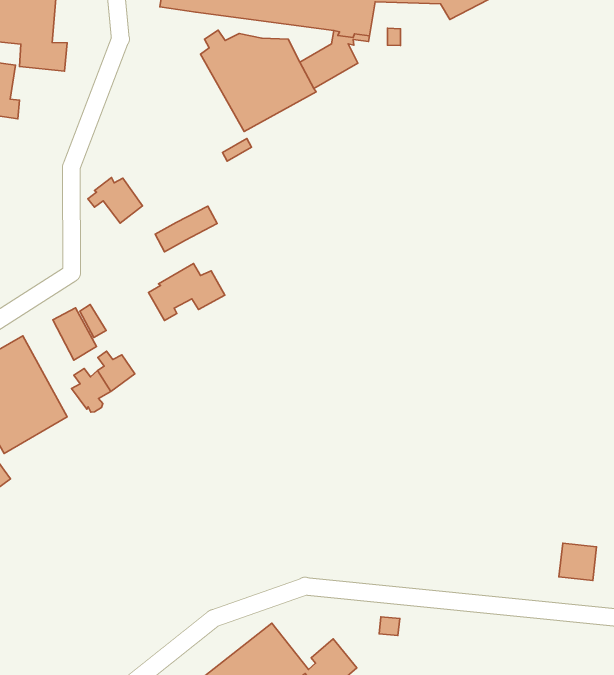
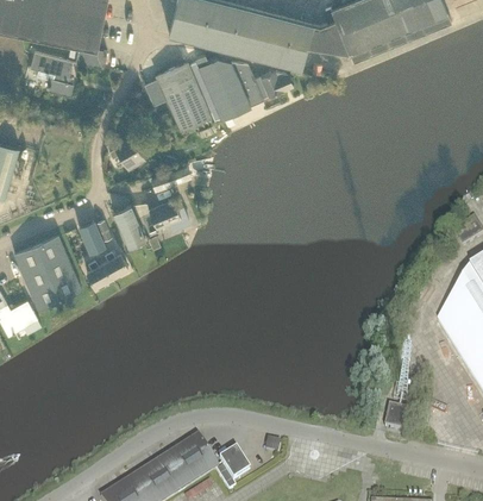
building: none -> [145,62,211,130]
building: none -> [114,205,145,245]

